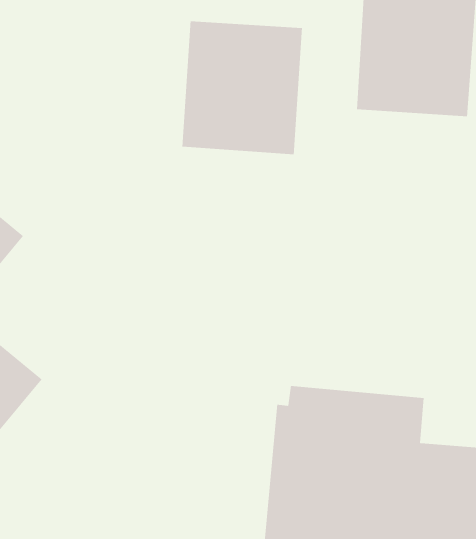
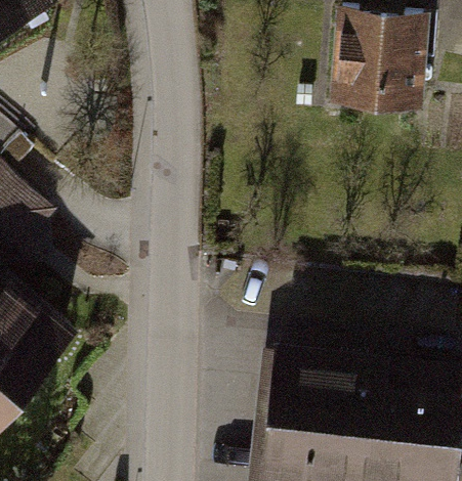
building: [182,21,303,155] -> none

